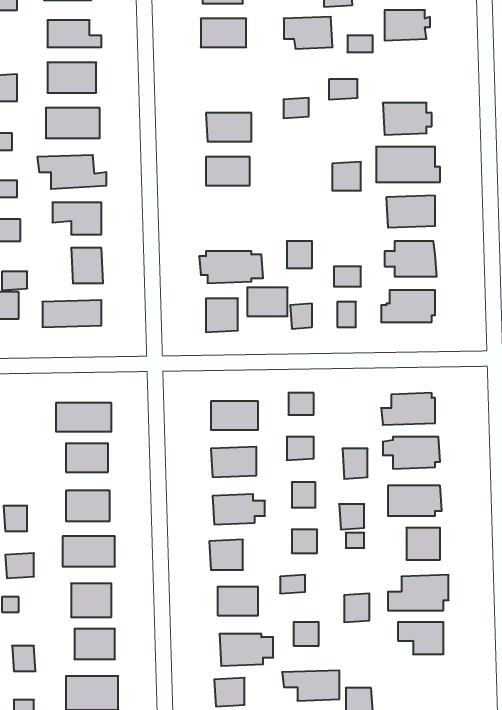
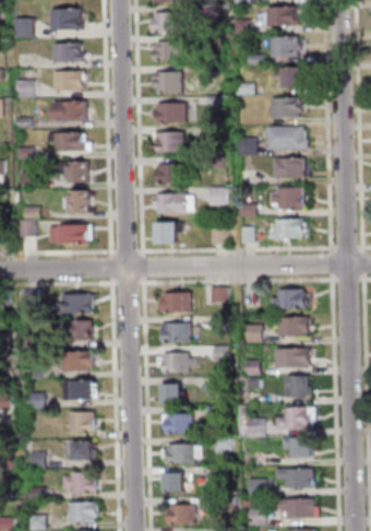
building: [284,17,333,49] -> [151,74,182,95]
building: none -> [273,69,300,90]
building: [247,287,288,316] -> [157,166,183,185]
building: [282,670,339,701] -> [274,468,311,487]

